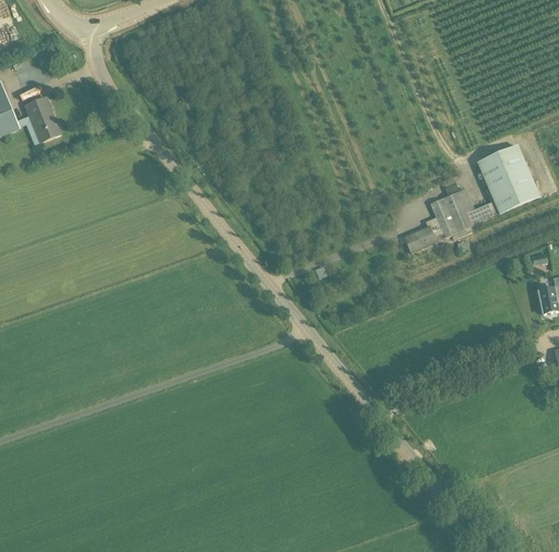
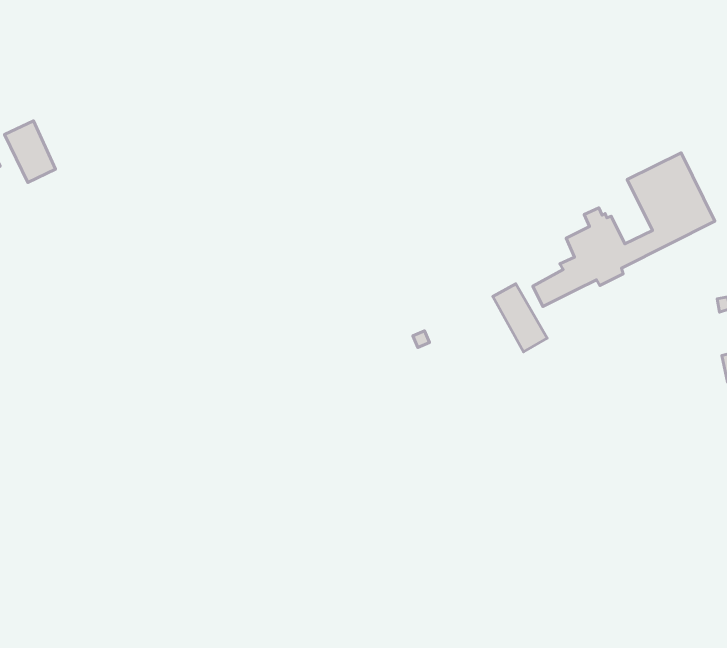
building: none -> [493,284,547,352]

